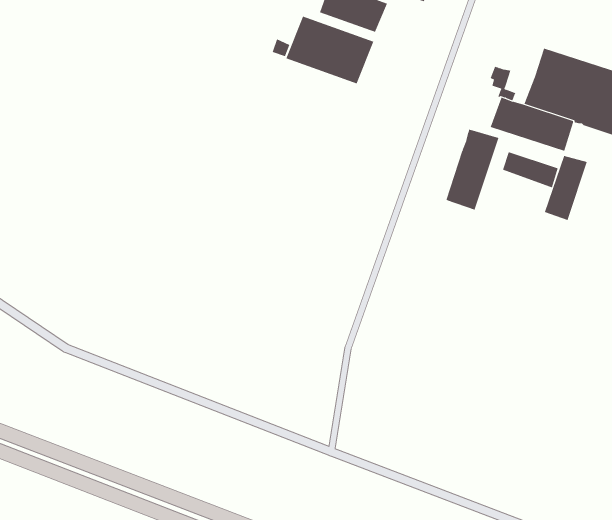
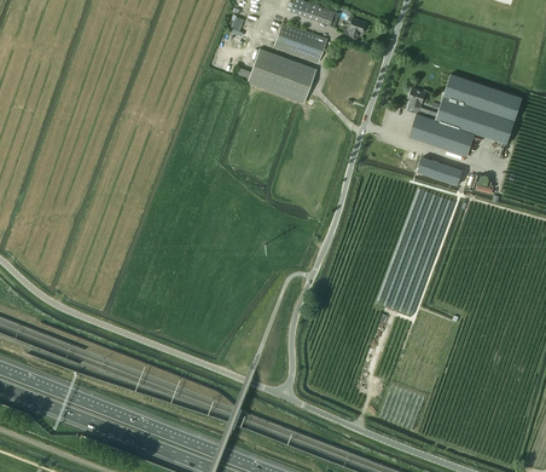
building: [446,128,499,210] -> none
building: [544,155,587,221] -> none

